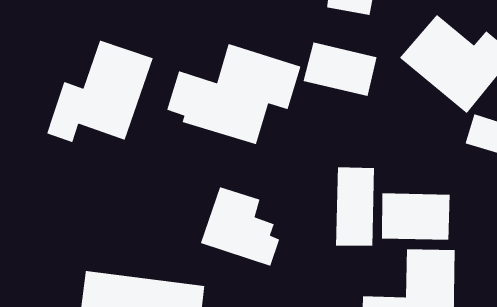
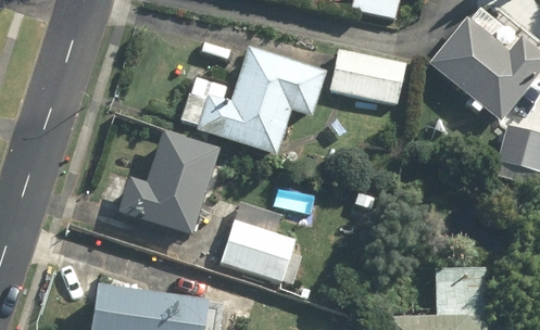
building: [46,40,154,143] -> [109,130,223,240]
building: [335,166,375,246] -> none
building: [381,193,450,241] -> none

